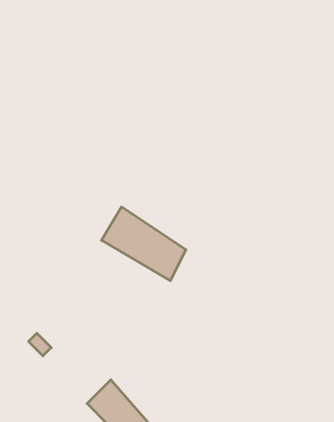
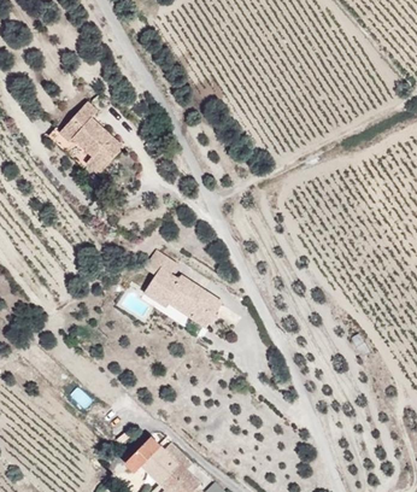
building: none -> [63,102,127,174]

